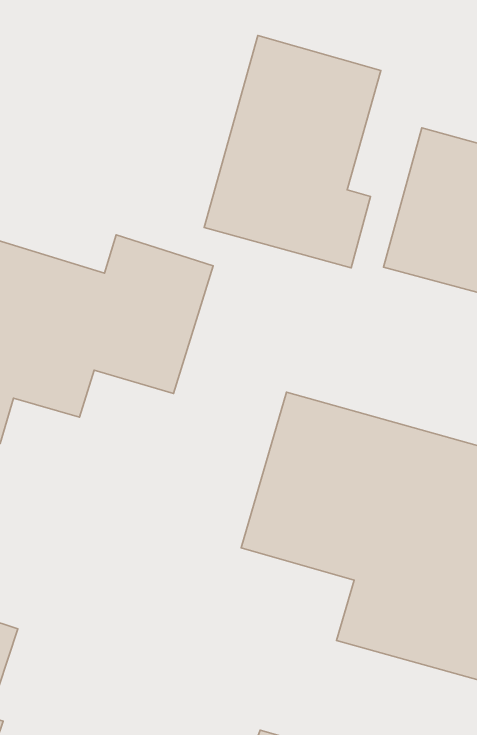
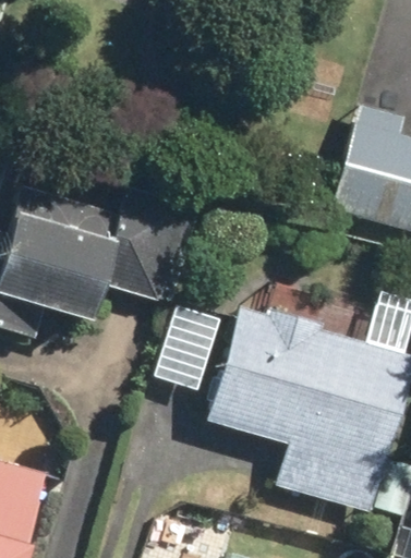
building: [204,36,381,268] -> none

